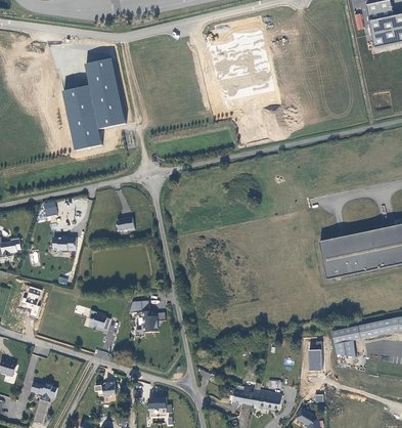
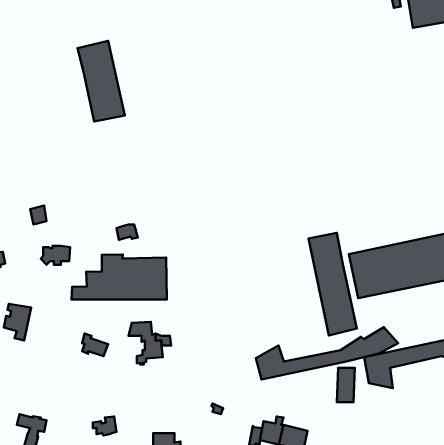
building: [61,84,100,149] -> none
building: none -> [308,233,357,336]
building: none -> [72,255,167,300]
building: none -> [256,327,398,380]

